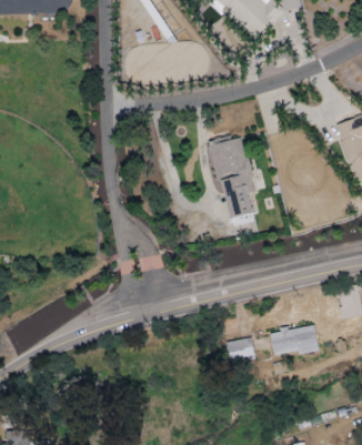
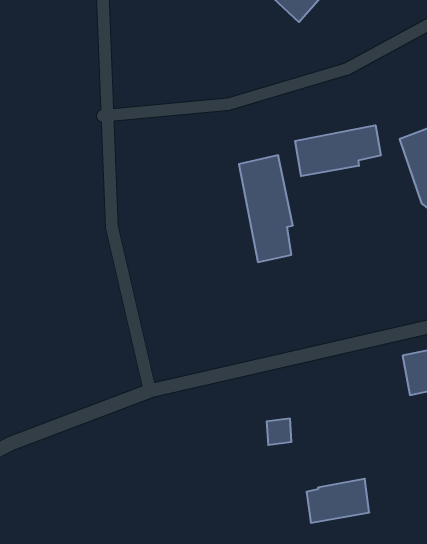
building: none -> [295,125,381,176]
building: [271,323,319,356] -> [306,479,369,523]

